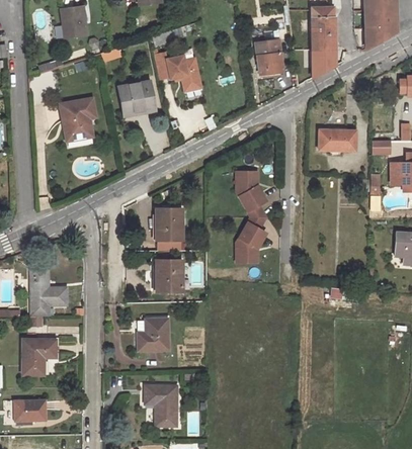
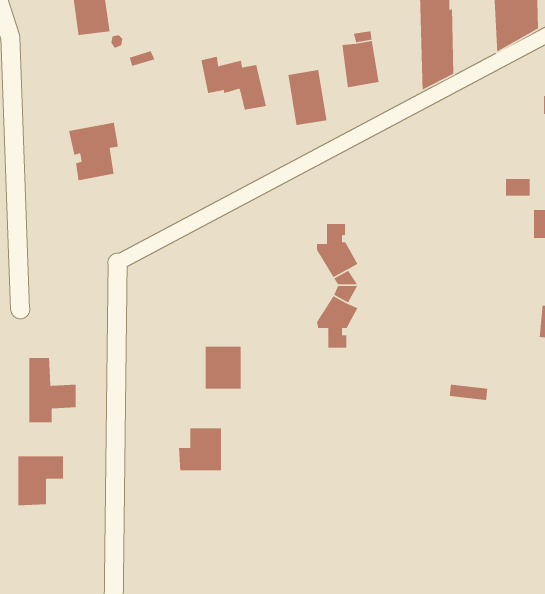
building: none -> [287,69,327,126]
building: [119,80,156,113] -> none
building: [319,130,354,151] -> none
building: [157,209,183,240] -> none
building: [145,385,177,427] -> none
building: [14,400,47,421] -> none

